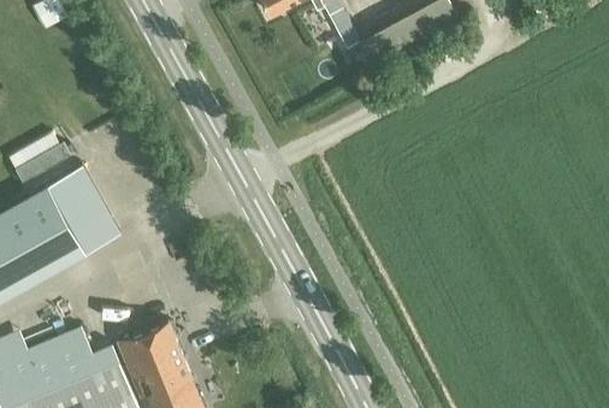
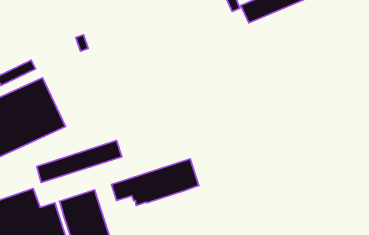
building: none -> [37,140,122,182]
building: none -> [112,159,199,206]

